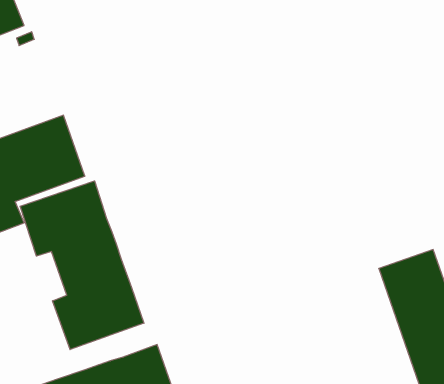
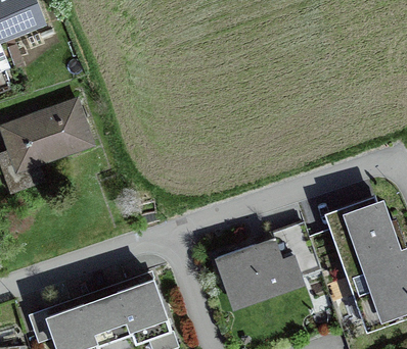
building: [20,181,144,350] -> none
building: none -> [214,237,305,308]

